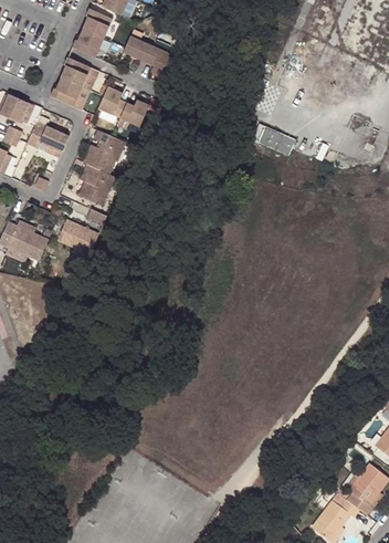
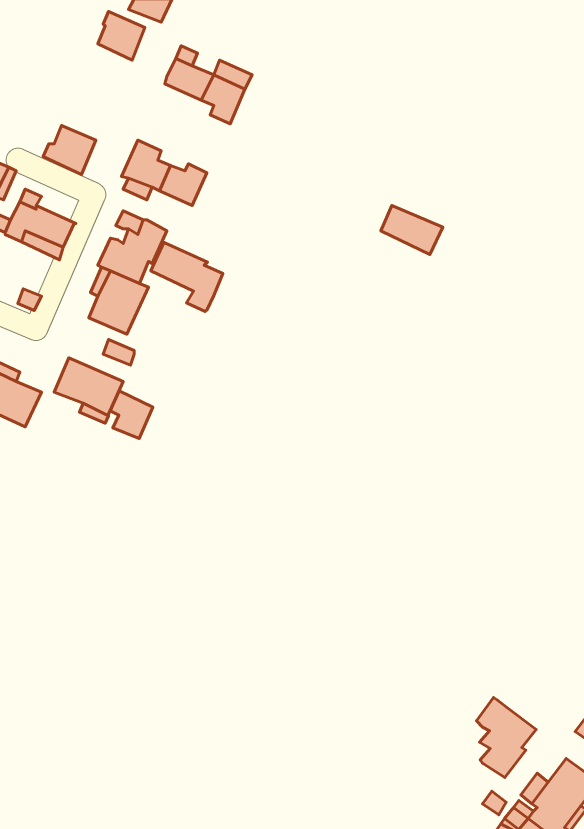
building: [73,28,105,58] -> none
building: [62,58,92,86] -> none
building: none -> [151,241,223,311]
building: none -> [110,391,153,438]
building: none -> [476,697,536,778]

